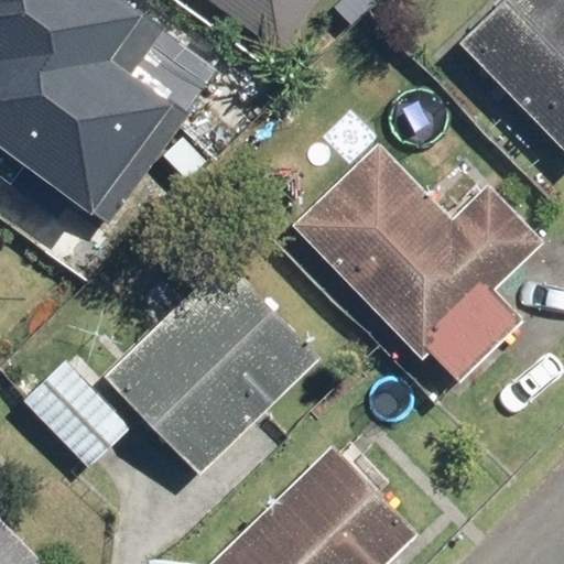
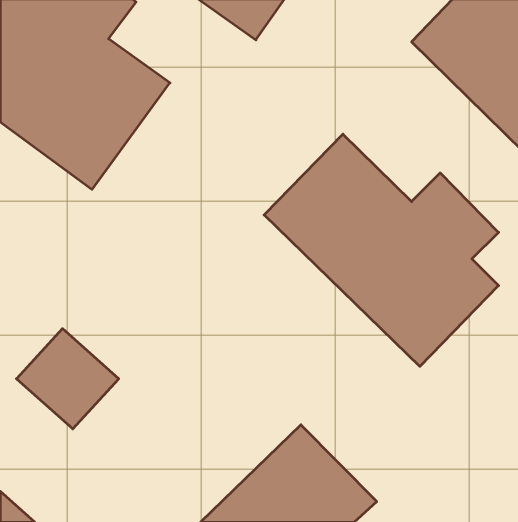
building: [102,250,321,467] -> none

